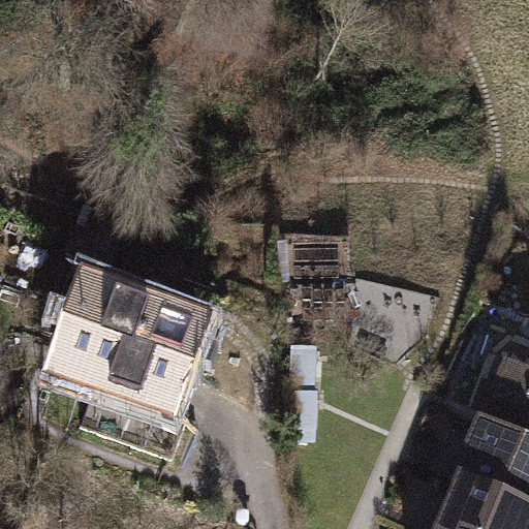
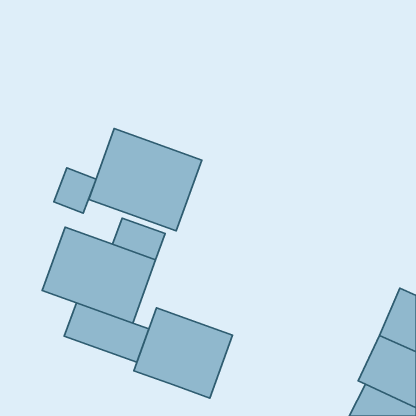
building: none -> [89,129,202,231]
building: none -> [134,308,233,398]

